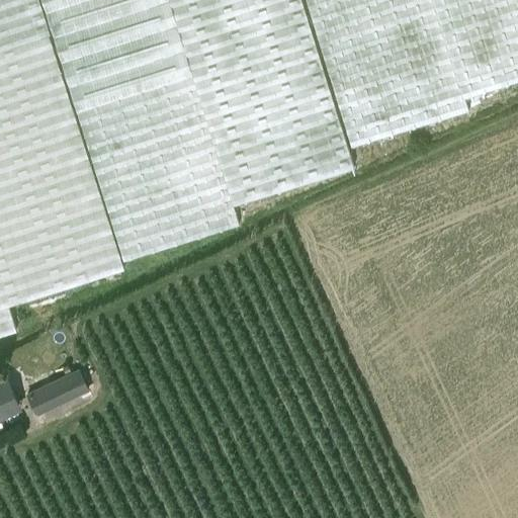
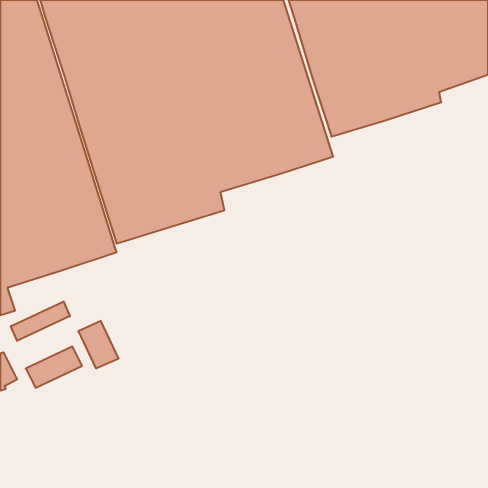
building: none -> [11,301,70,341]
building: none -> [79,321,118,369]

